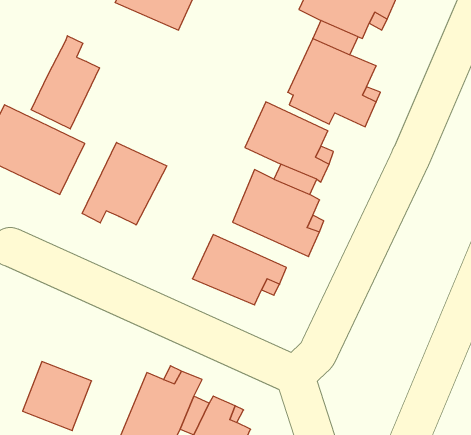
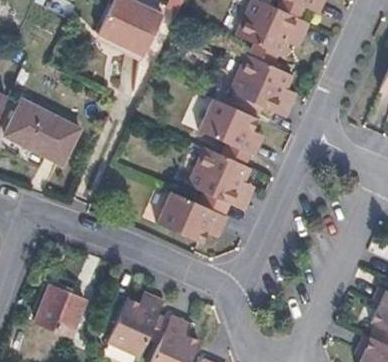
building: [31,36,99,129] -> none
building: [82,142,167,225] -> none

